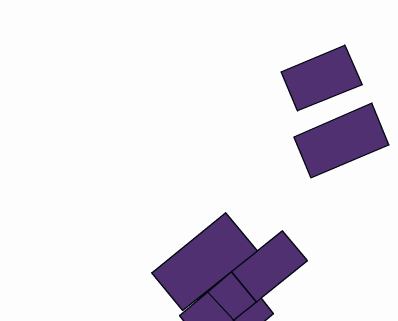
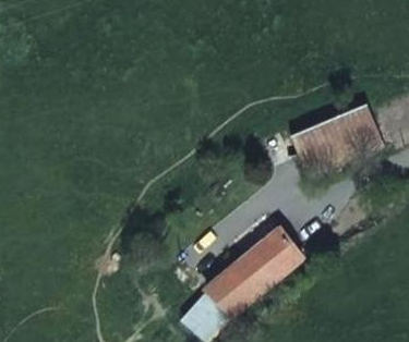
building: [281,45,362,111] -> none
building: [152,213,257,310] -> none

